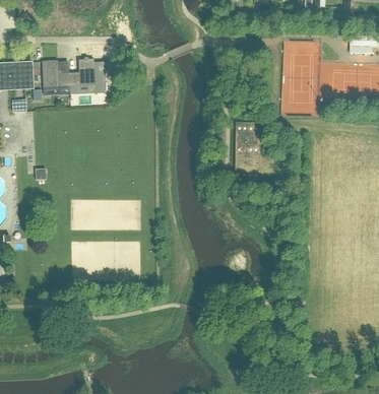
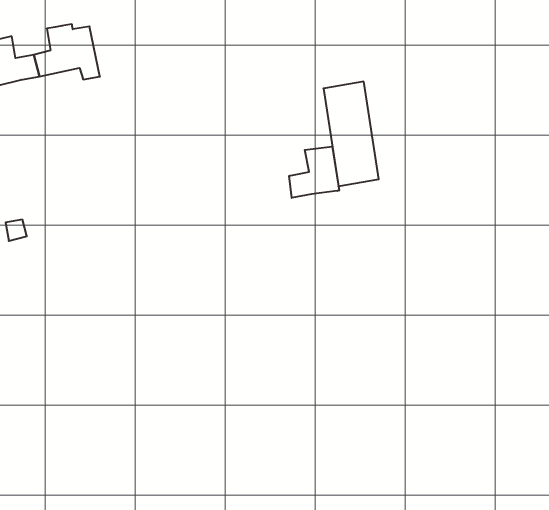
building: none -> [289,146,339,198]

